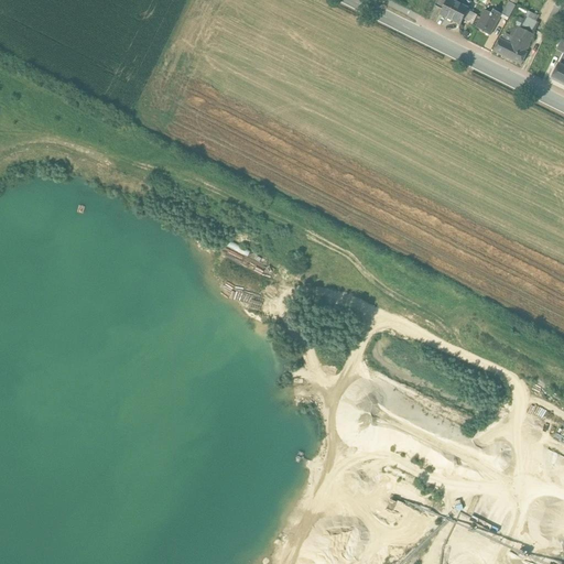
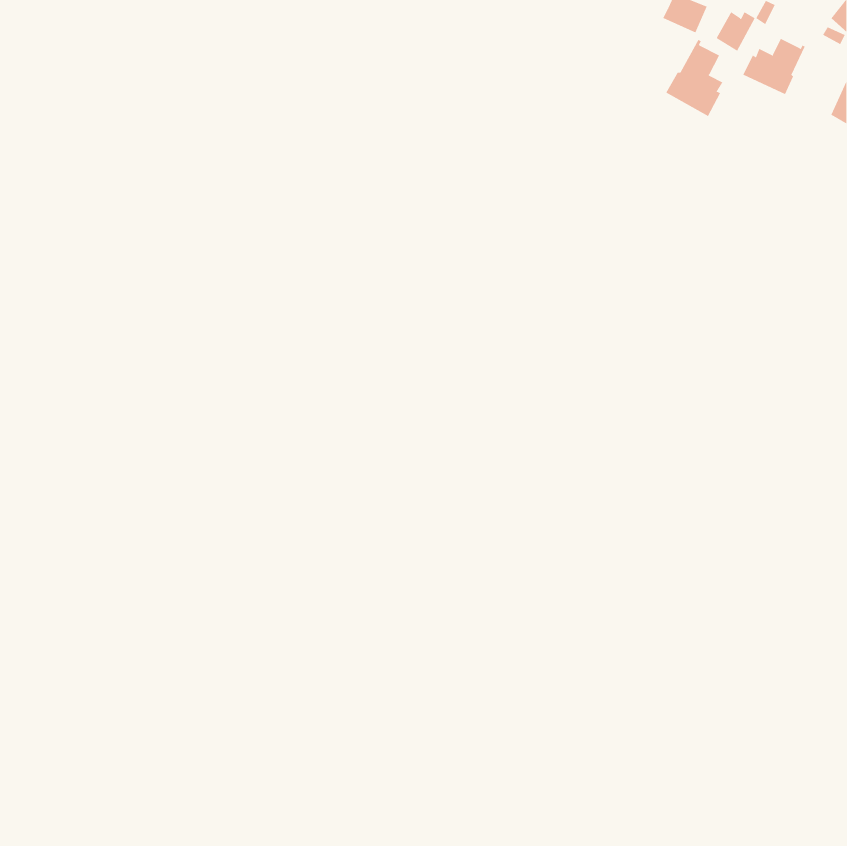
building: none -> [666,39,723,117]

